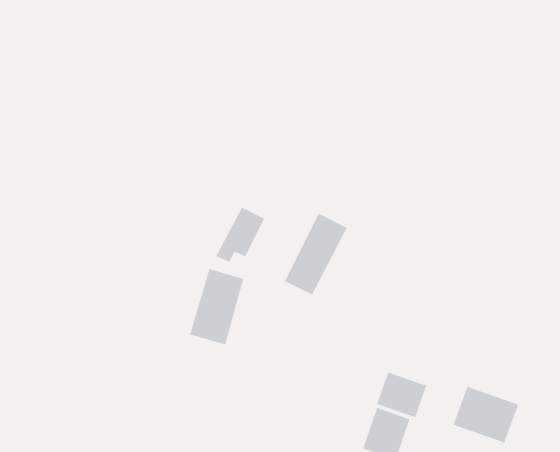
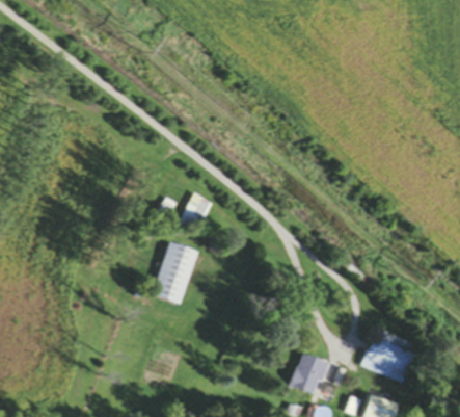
building: [284,212,348,296] -> none
building: [376,372,427,418] -> none

